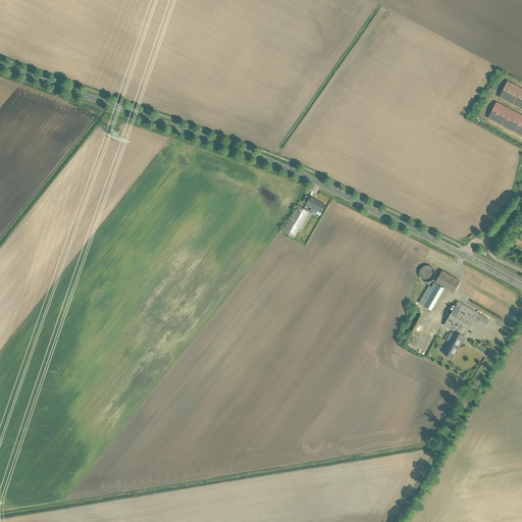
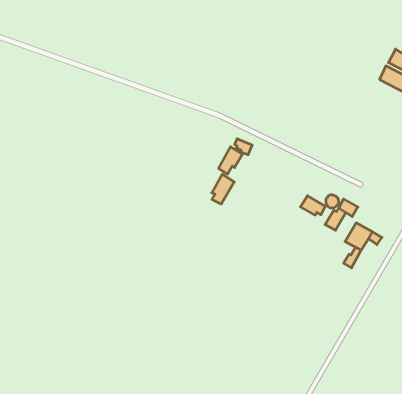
building: none -> [212,174,234,204]
building: none -> [300,196,325,215]

